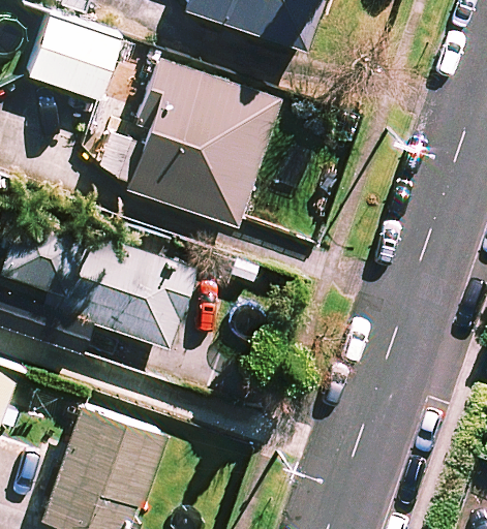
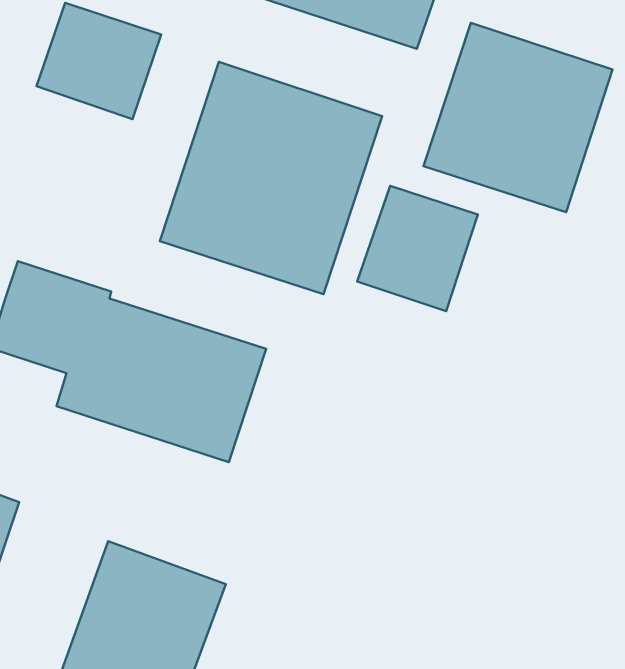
building: none -> [424,23,612,212]
building: none -> [357,186,478,311]

